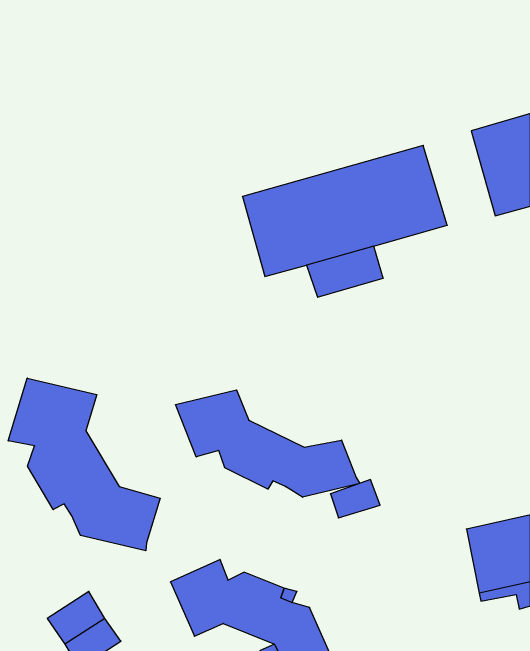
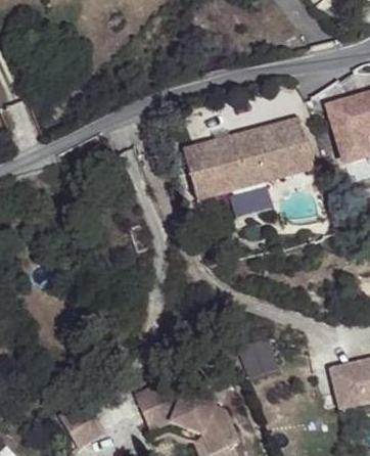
building: [8,378,160,551] -> none
building: [176,390,360,497] -> none

